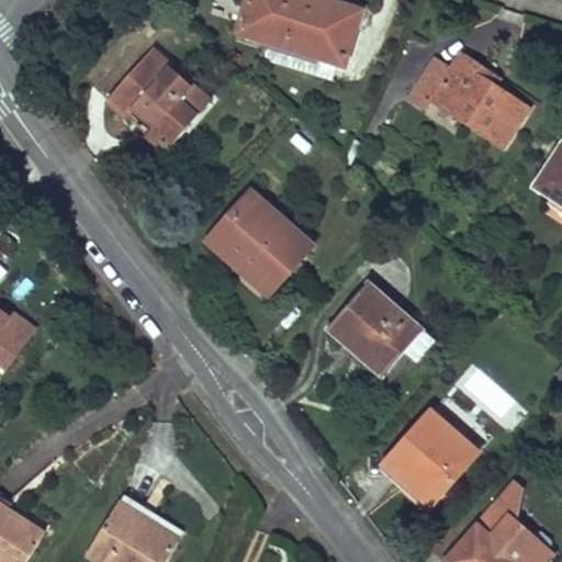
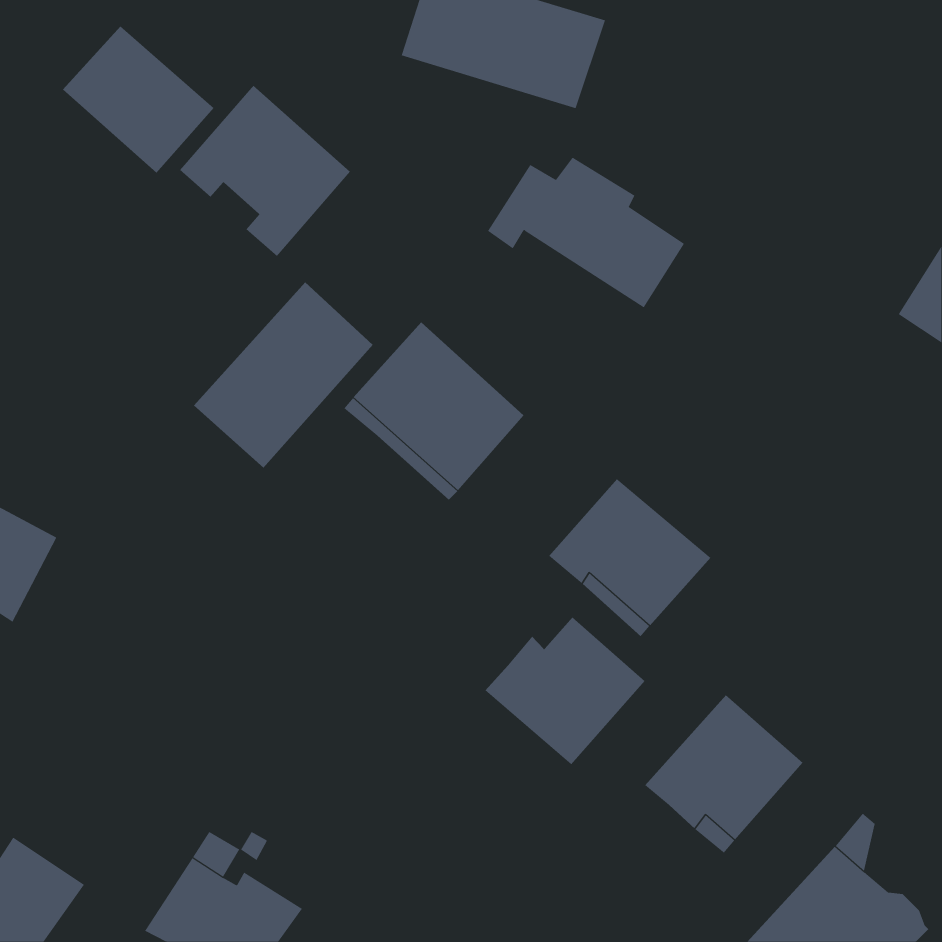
building: none -> [62,26,214,173]
building: [409,57,527,147] -> [487,157,685,308]
building: none -> [193,281,373,468]
building: none -> [484,617,645,765]

